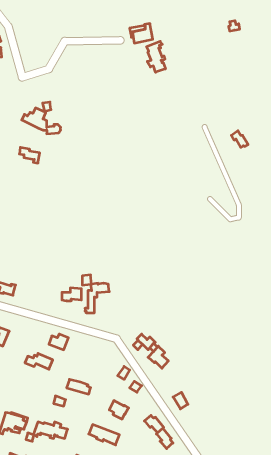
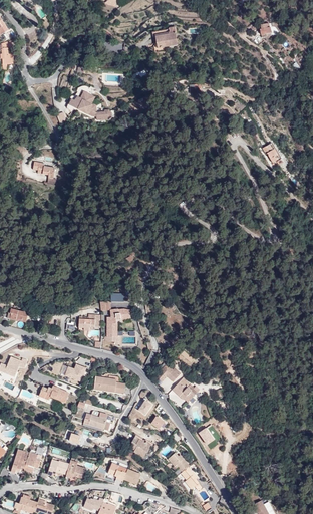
building: [147,41,165,72] -> none
building: [22,108,61,134] -> [67,92,109,120]
building: none -> [93,375,124,393]

